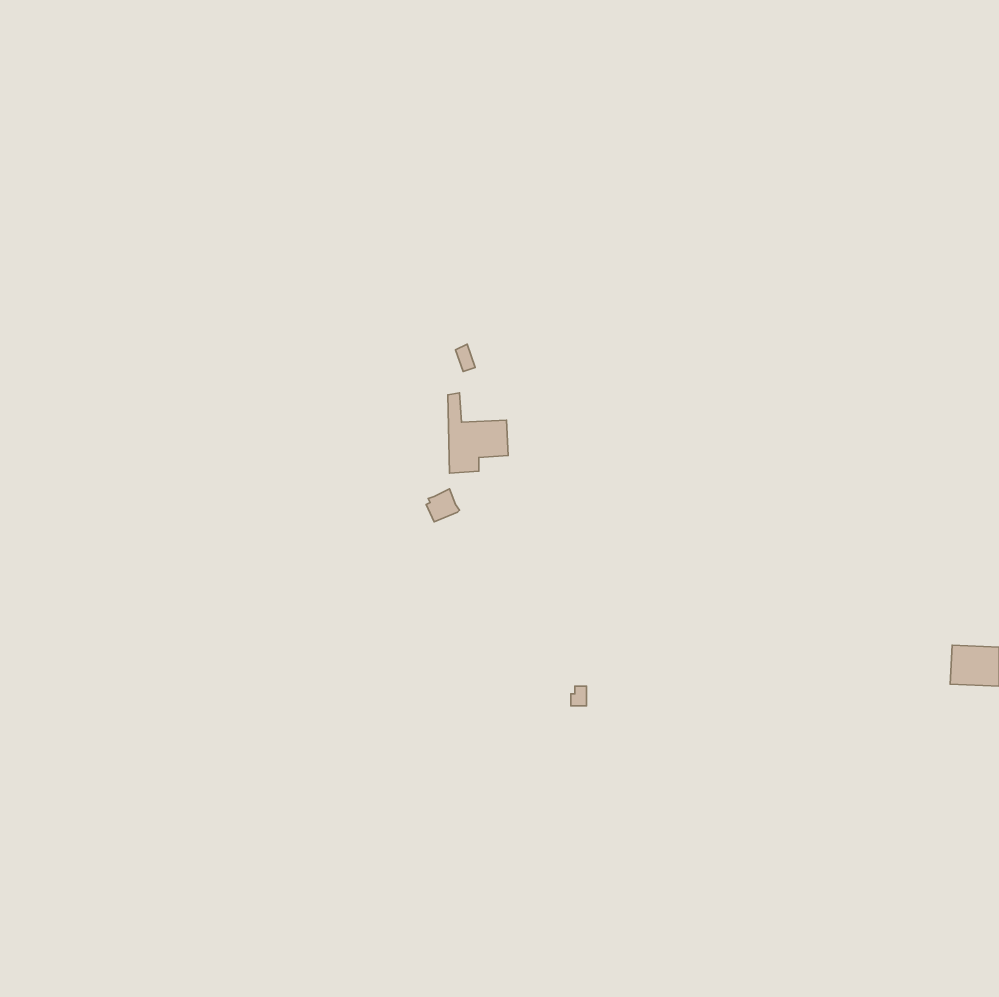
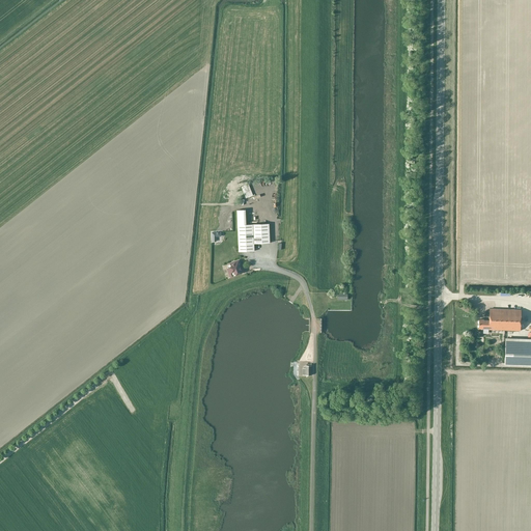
building: none -> [478,308,521,330]

